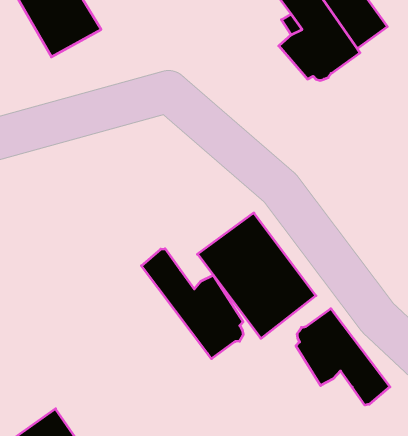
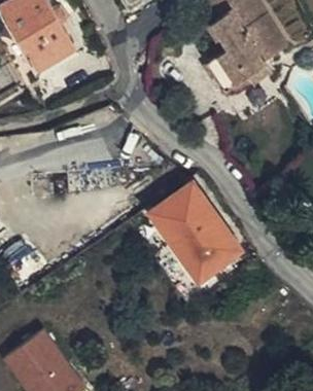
building: [141,249,243,359] -> none
building: [296,309,390,405] -> none

